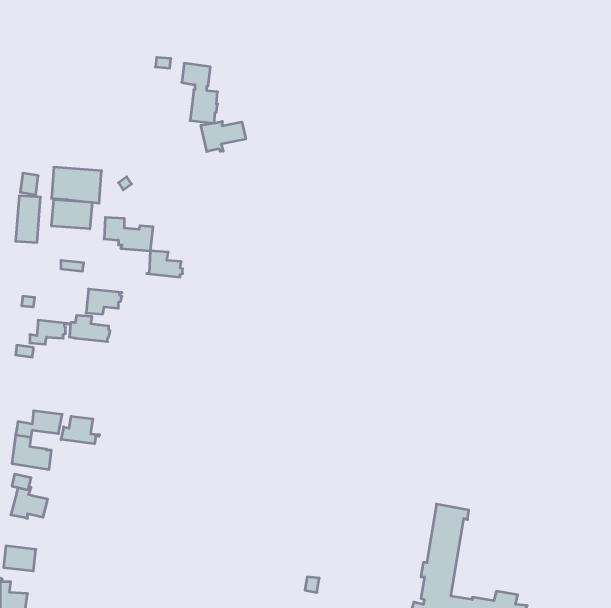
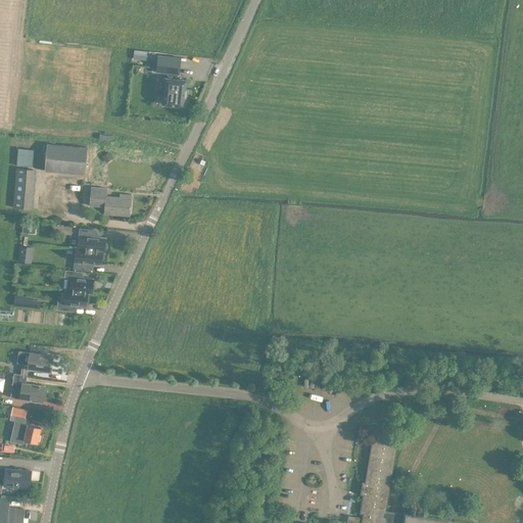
building: [201,121,246,152] -> none
building: [52,199,92,229] -> none
building: [147,251,183,277] -> [76,230,106,252]
building: [30,320,70,344] -> [57,291,92,312]
building: [61,416,100,444] -> none

